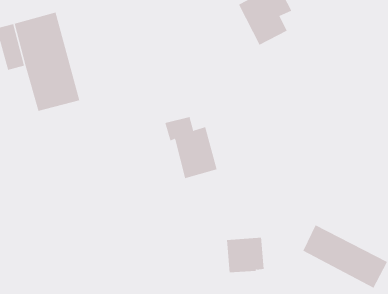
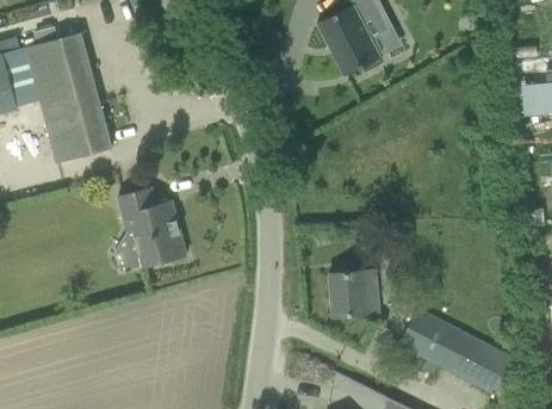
building: [164,117,218,179] -> [117,186,186,267]
building: [226,237,265,273] -> [328,269,378,316]

